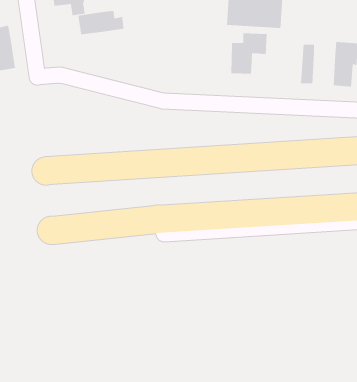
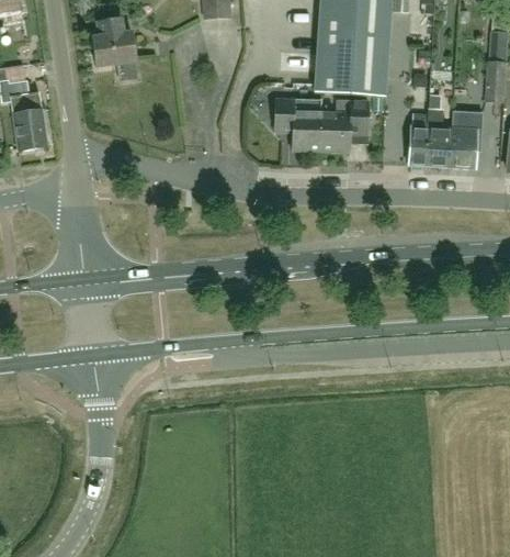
building: [78,10,124,35] -> none
building: none -> [274,97,321,152]
building: none -> [426,105,453,167]

